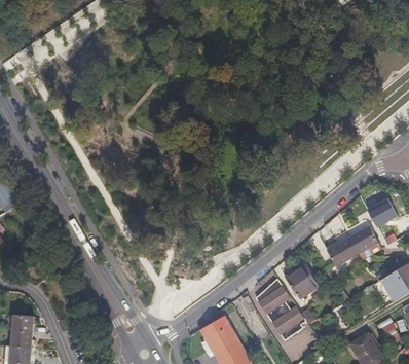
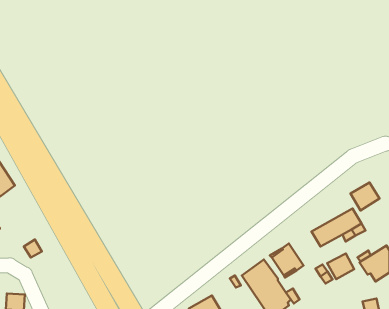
building: none -> [327,254,354,279]

